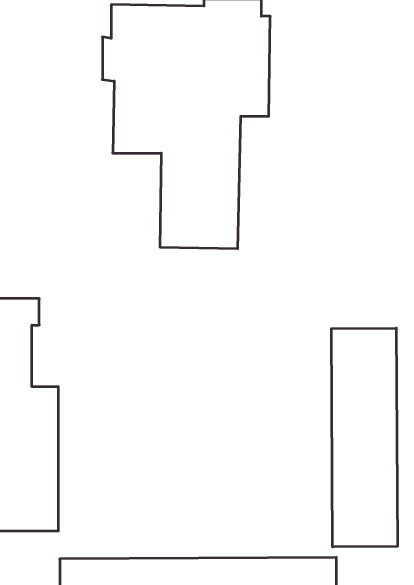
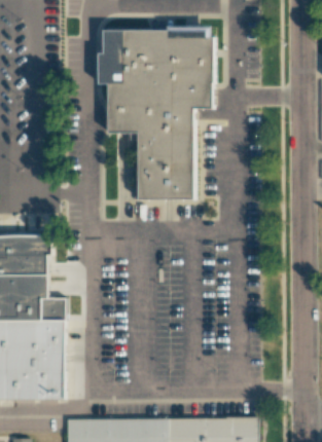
building: [331,328,397,547] -> none

